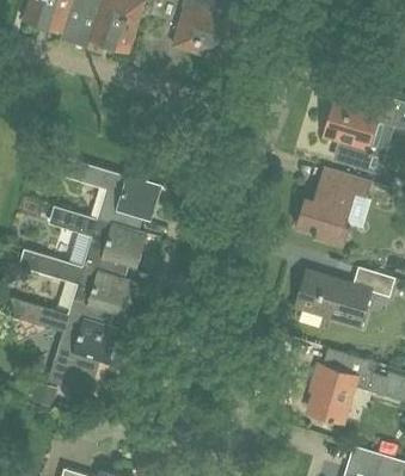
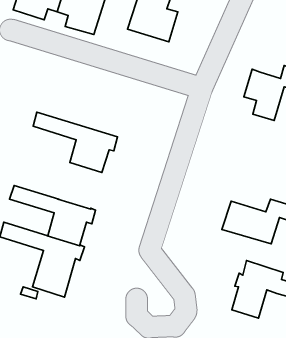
building: [295,169,370,246] -> none
building: [48,206,145,280] -> none

